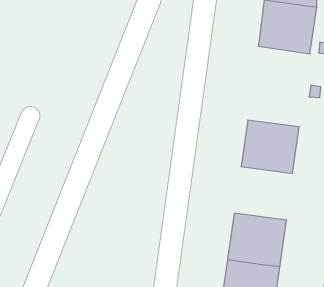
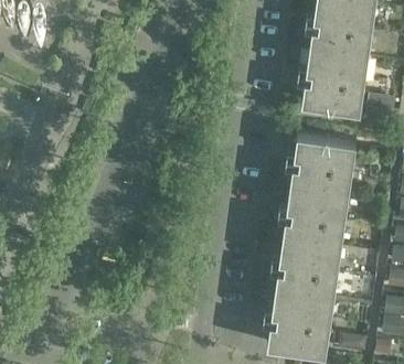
building: none -> [301,56,368,118]
building: none -> [281,193,348,254]

